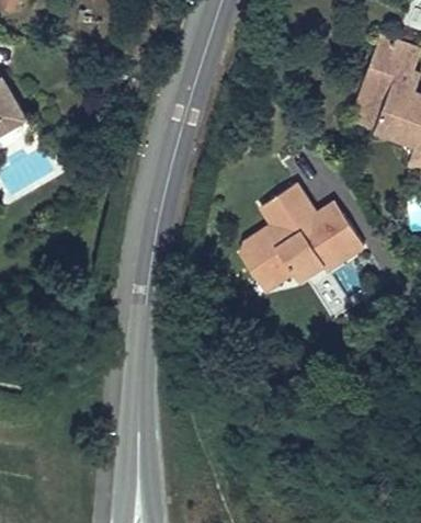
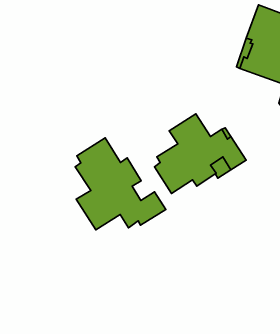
building: none -> [75,138,166,230]

